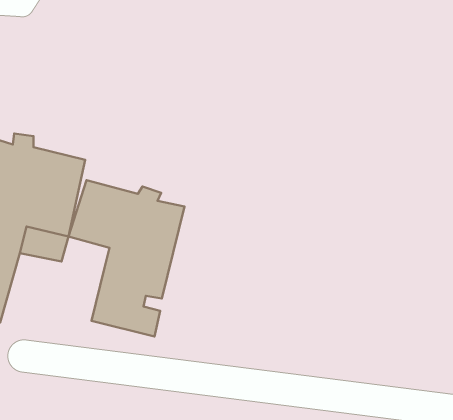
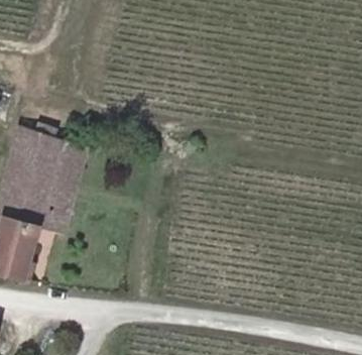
building: [68,180,185,336] -> none

